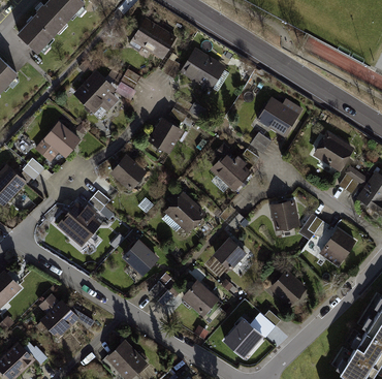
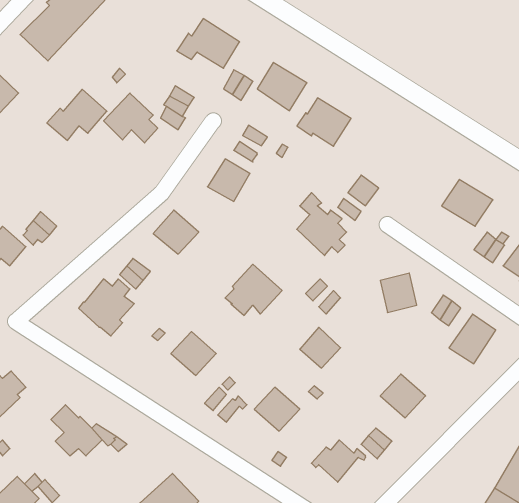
building: [257,100,295,134] -> [297,98,351,146]
building: [35,125,77,161] -> [47,89,107,140]

